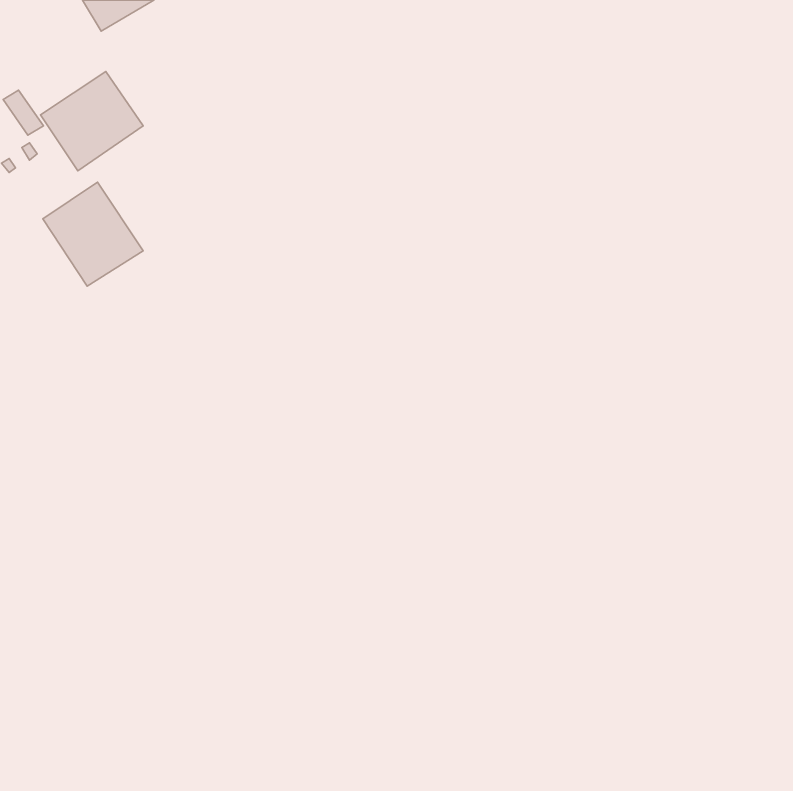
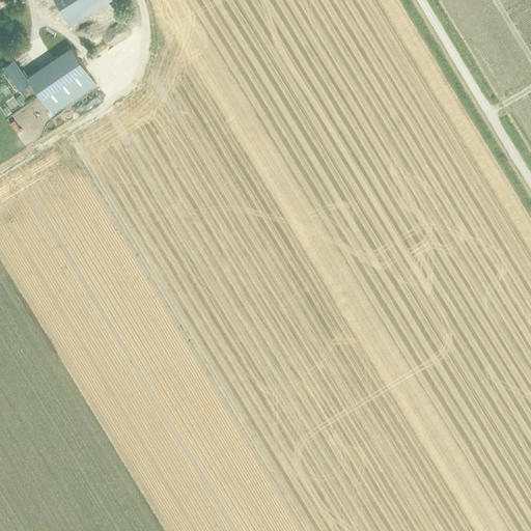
building: [43,182,143,286] -> none

